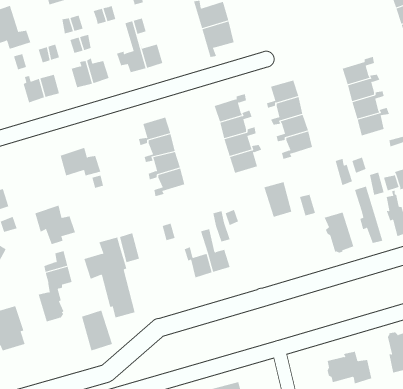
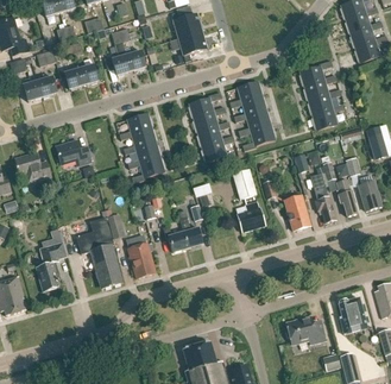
building: [35,205,76,245] -> [15,151,51,185]
building: none -> [237,201,265,232]
building: [81,310,113,351] -> [128,243,156,278]

